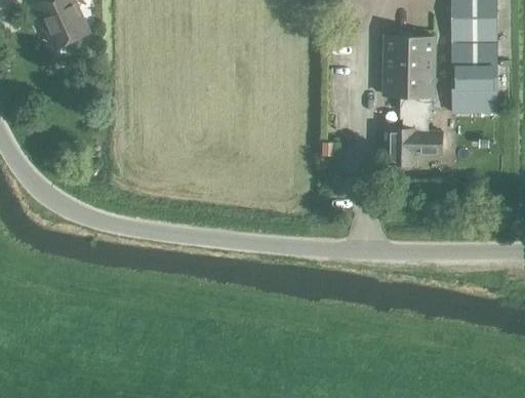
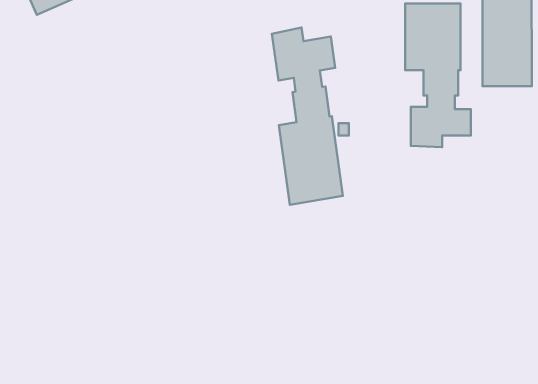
building: none -> [272,27,343,205]

